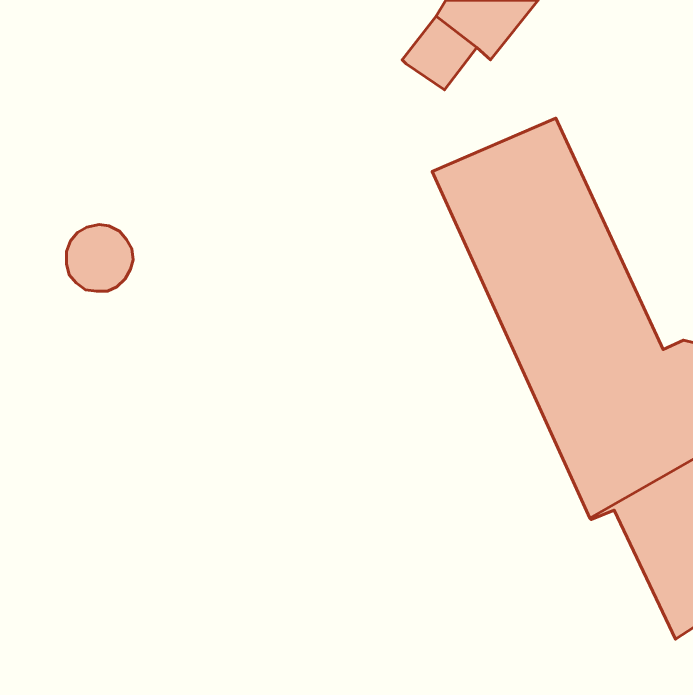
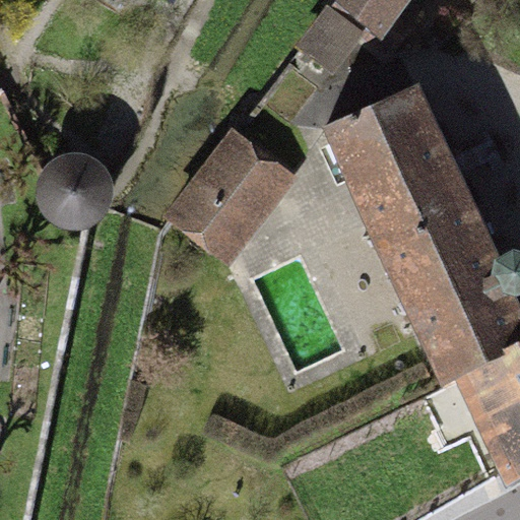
building: none -> [172,135,273,246]

